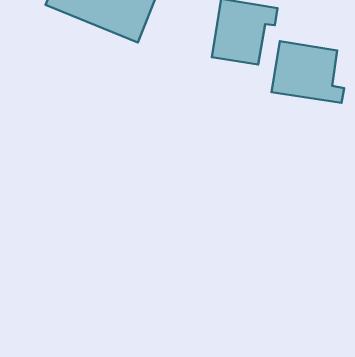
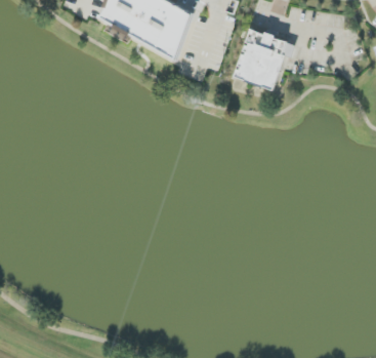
building: [272,41,344,103] -> none

